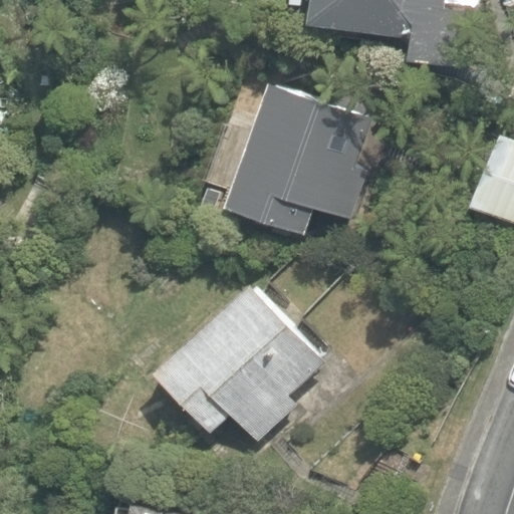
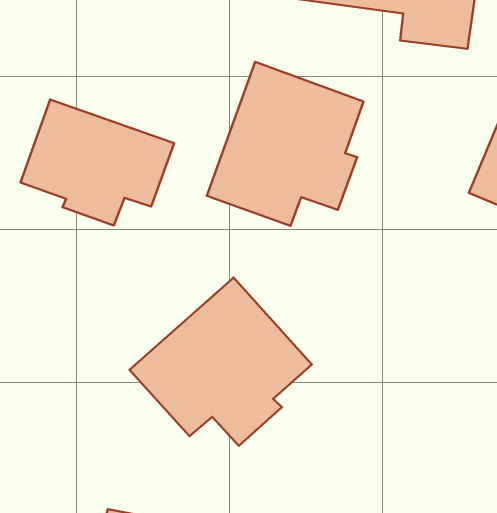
building: none -> [20,99,174,226]

